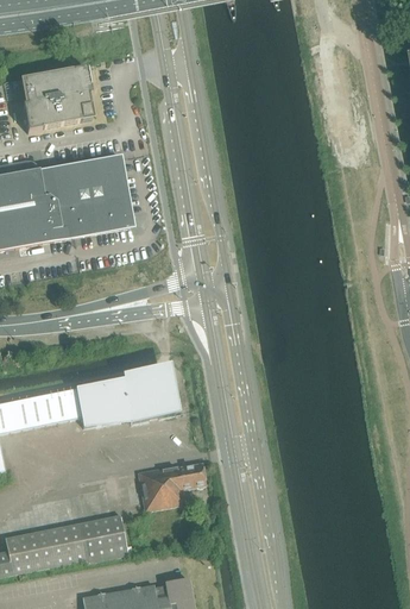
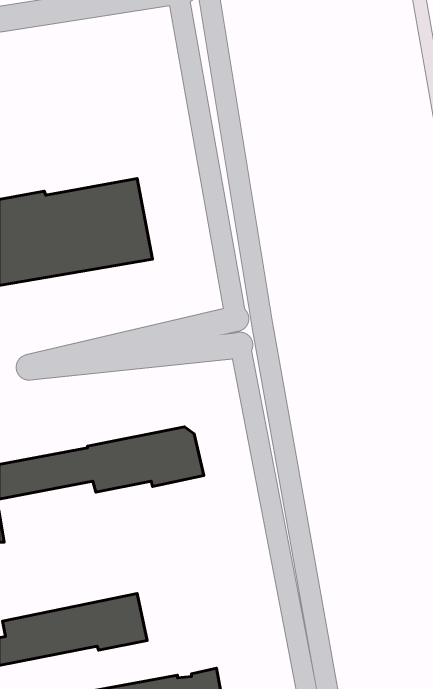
building: [21,67,90,131] -> none
building: [137,462,204,510] -> none

